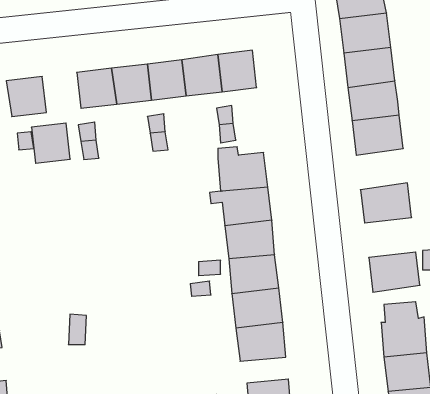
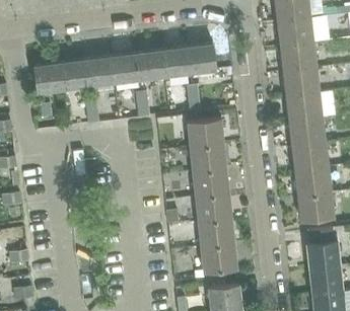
building: [31,123,70,163] -> [59,62,87,91]
building: none -> [289,118,327,148]
building: none -> [295,168,333,198]

